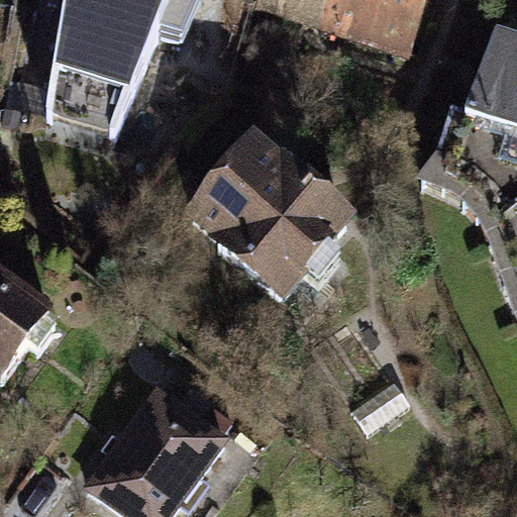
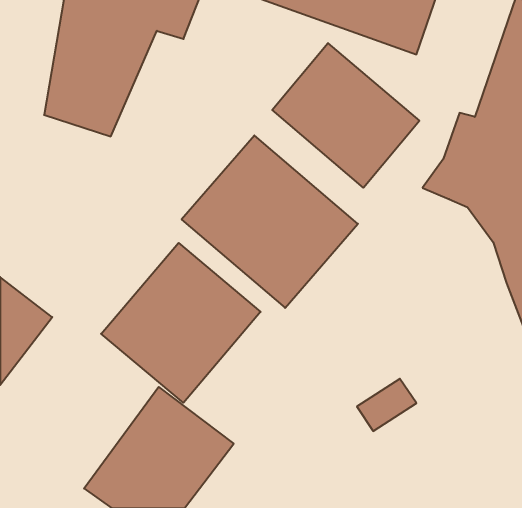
building: none -> [272,43,419,188]
building: none -> [101,243,261,403]

